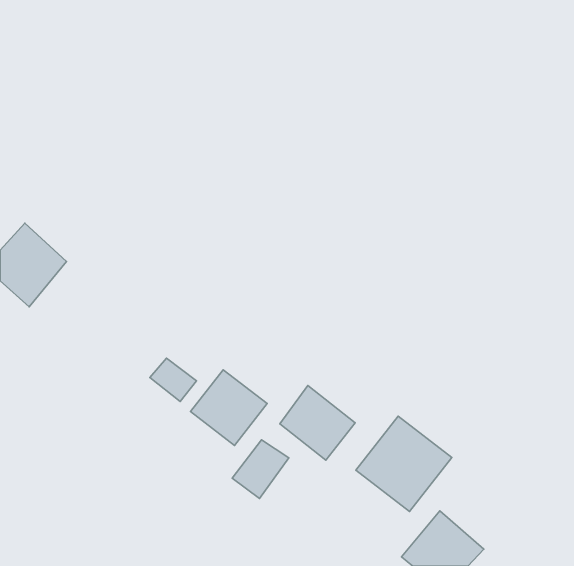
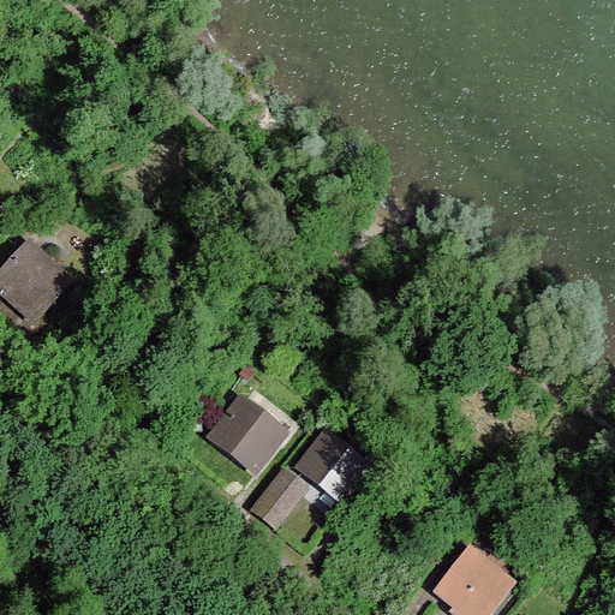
building: [150,358,196,402] -> none
building: [356,416,452,511] -> none

